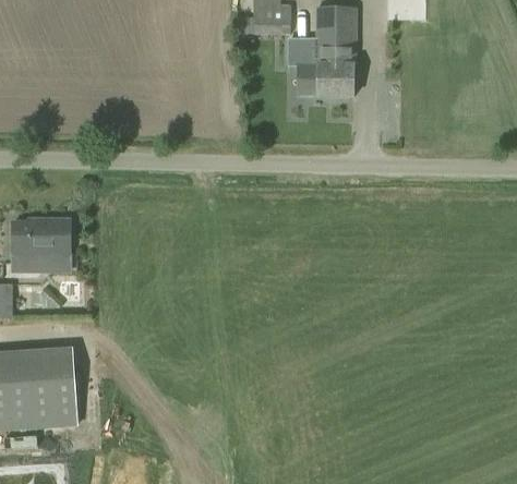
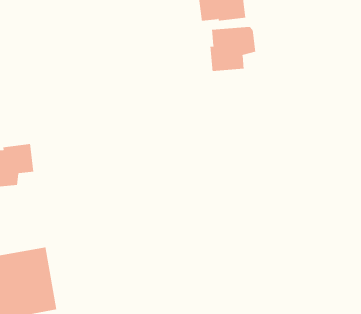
building: none -> [210,26,256,72]

